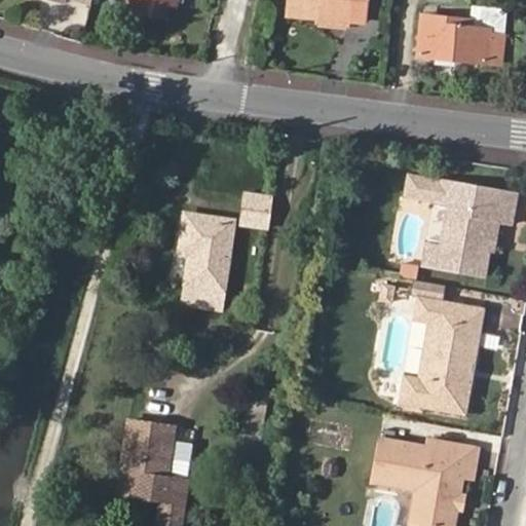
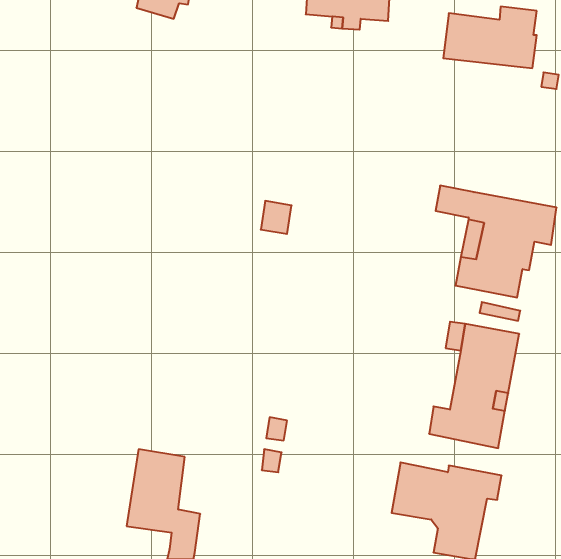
building: [181,214,233,303] -> none

